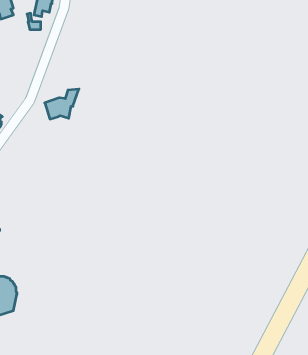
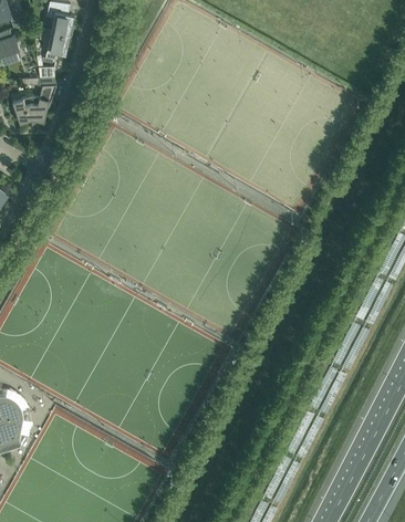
building: [45,89,79,119] -> [12,85,56,124]

